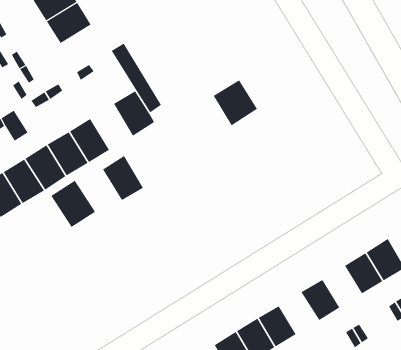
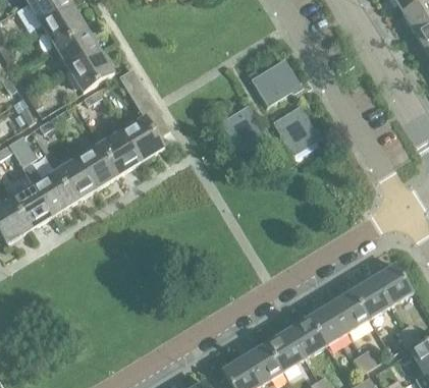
building: none -> [67,49,112,92]
building: none -> [251,59,297,105]
building: none -> [272,104,317,151]
building: [102,155,144,201] -> [98,128,140,174]
building: [51,180,96,228] -> none
building: none -> [330,290,369,332]
building: none -> [286,317,326,358]

